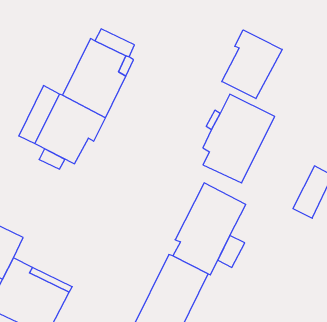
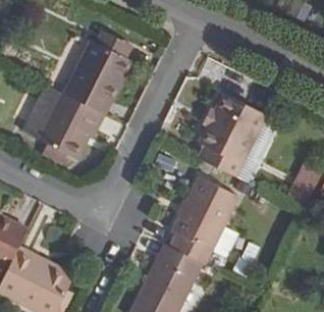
building: [222,30,282,99] -> none

